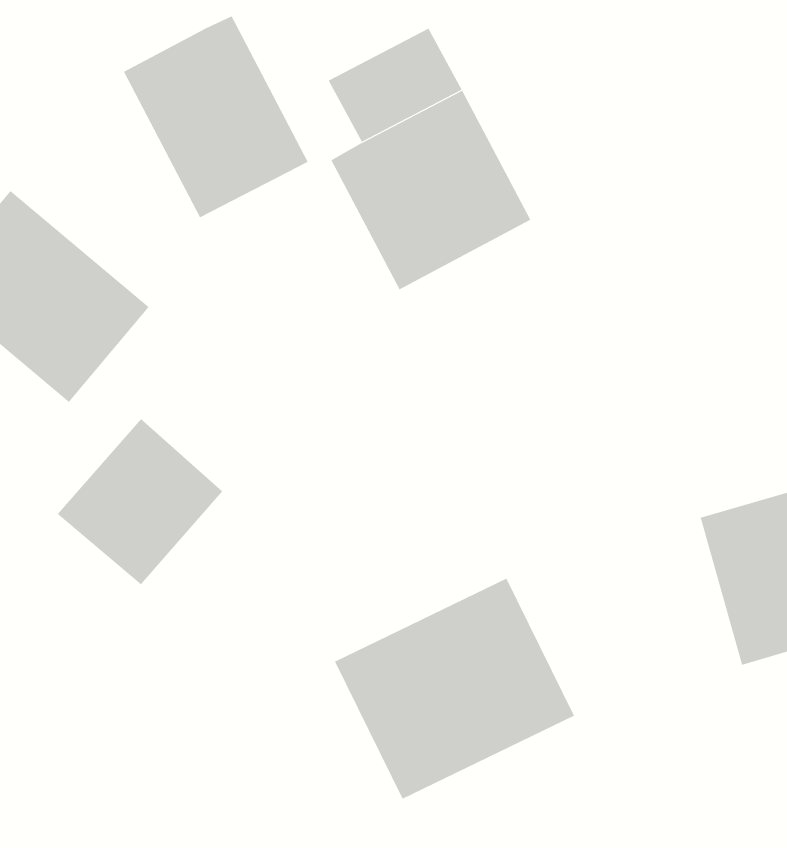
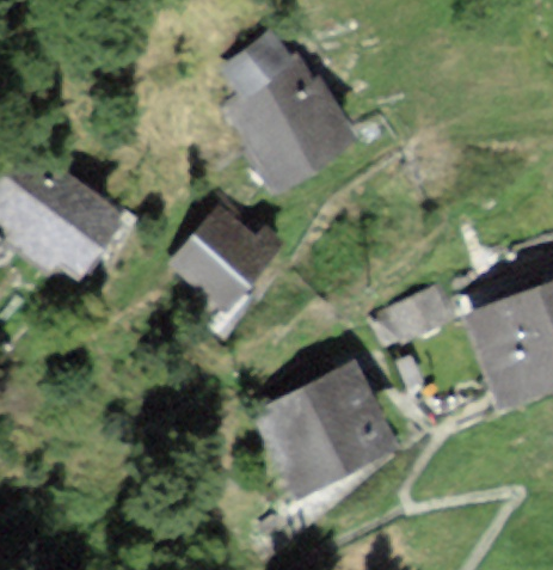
building: [123,15,309,218] -> none
building: [57,418,223,585] -> [172,210,271,311]

